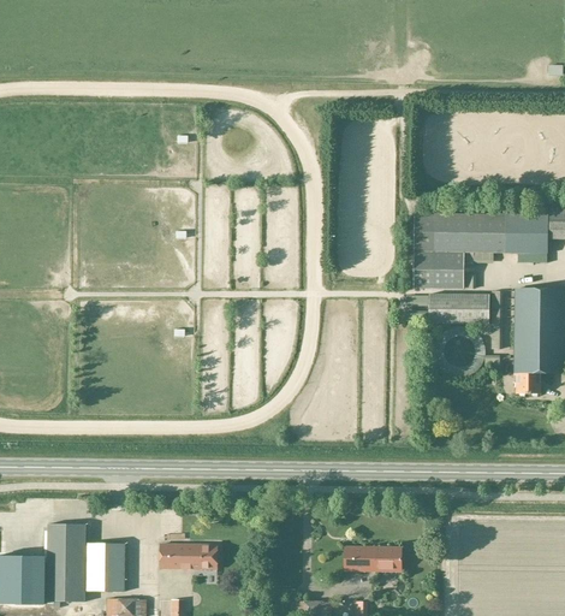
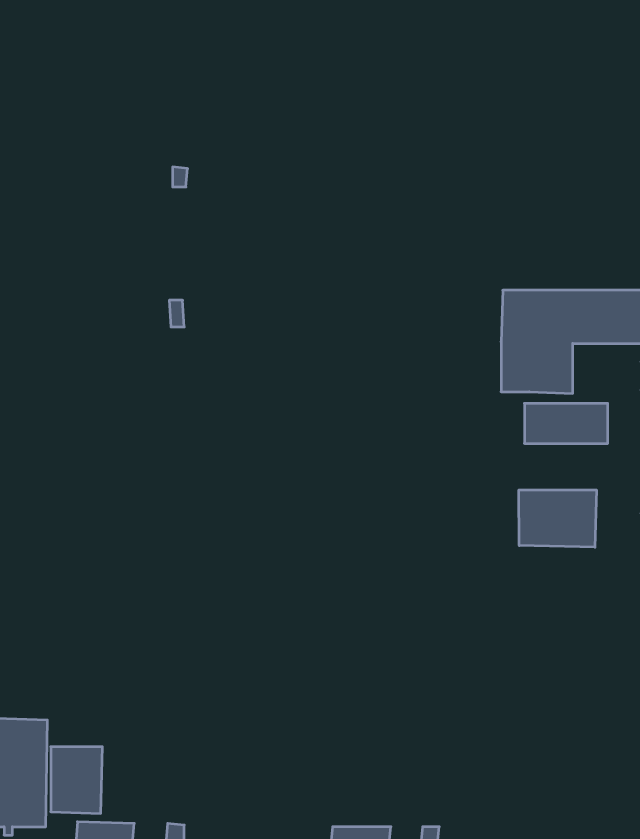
building: none -> [519,490,596,547]
building: [160,544,218,569] -> none
building: [344,546,402,571] -> none

